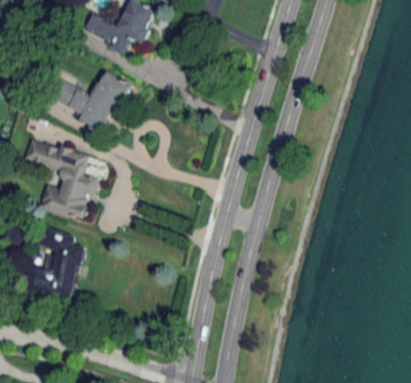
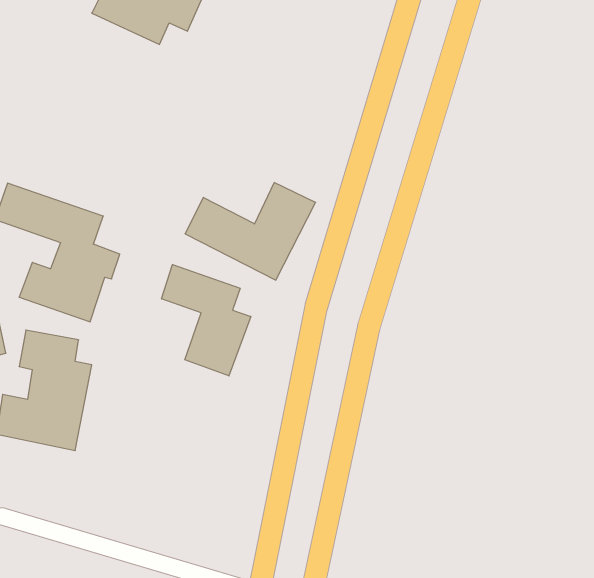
building: [51,72,131,131] -> [185,183,316,280]
building: none -> [162,265,251,376]

